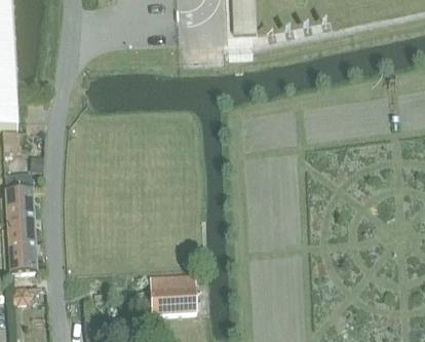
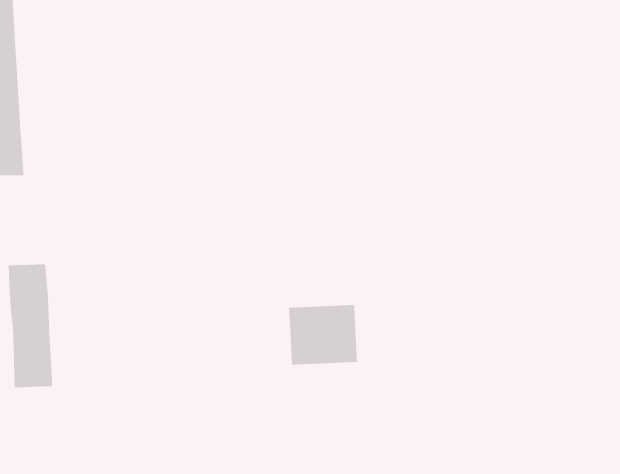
building: [150,271,197,312] -> [288,305,358,365]

